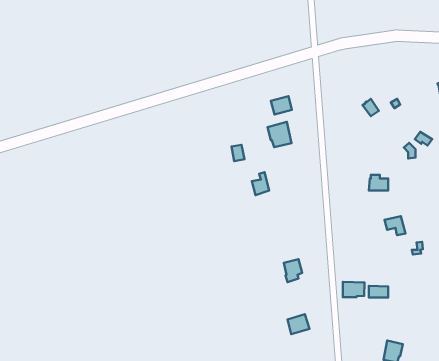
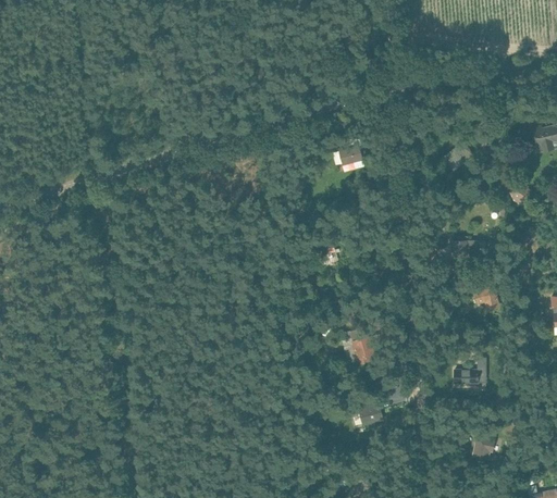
building: [267,122,292,147] -> none
building: [343,282,365,297] -> none

